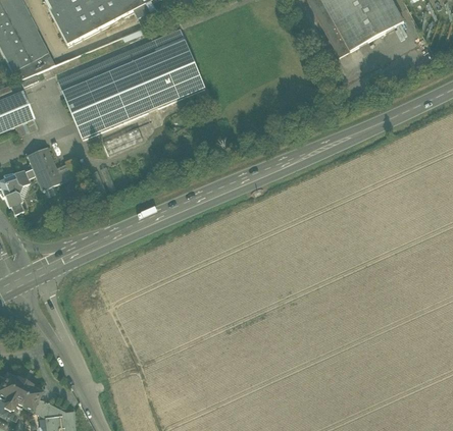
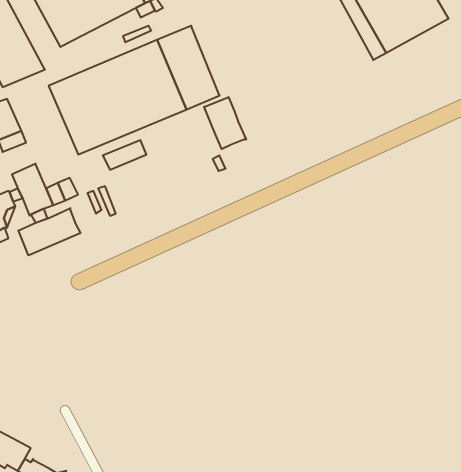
building: none -> [204,97,246,149]
building: none -> [18,208,80,255]

